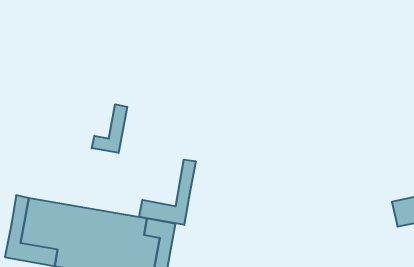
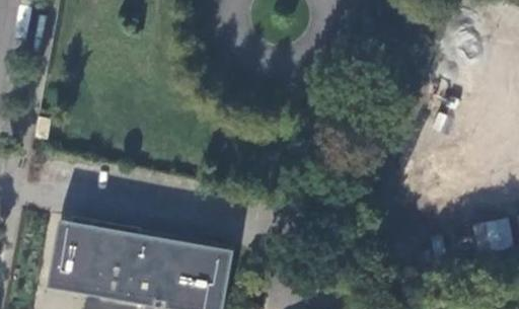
building: [92,104,127,153] -> none
building: [139,160,196,225] -> none

